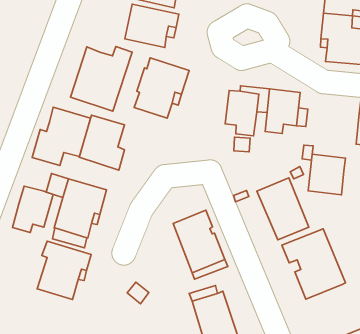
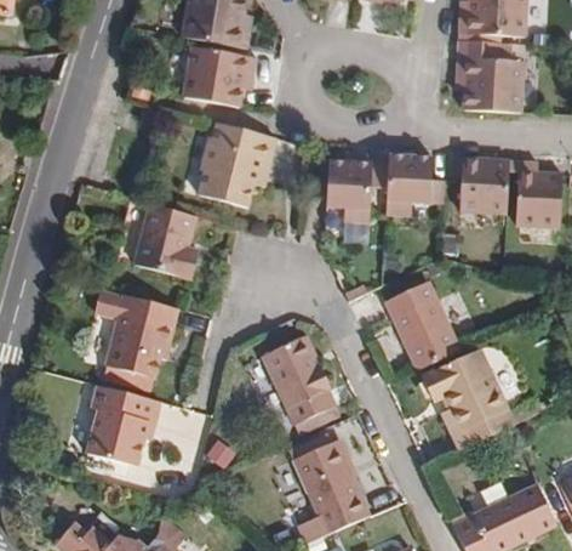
building: [71,46,132,111] -> none
building: [32,107,91,165] -> none
building: [308,154,346,195] -> [462,159,511,214]
building: [13,186,53,232] -> none

